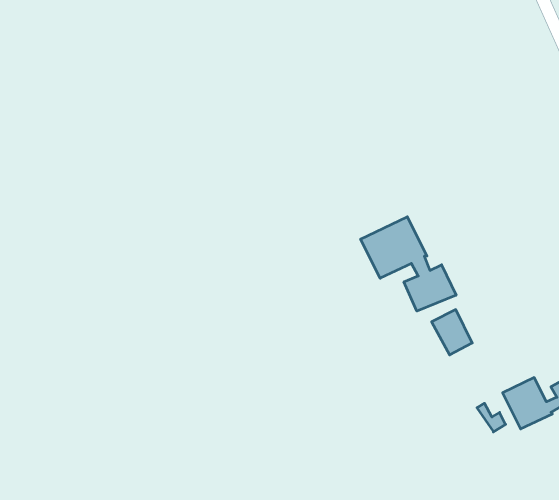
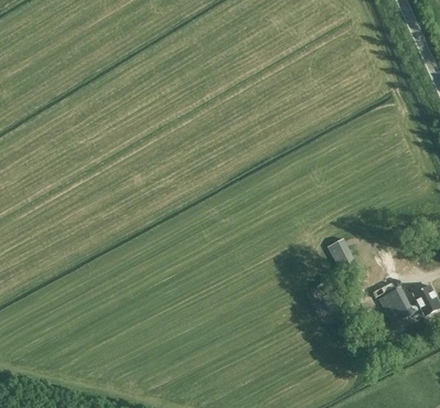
building: [361,217,456,311] -> none

